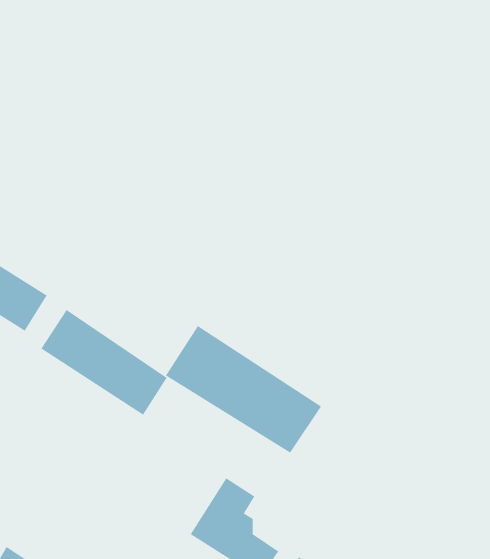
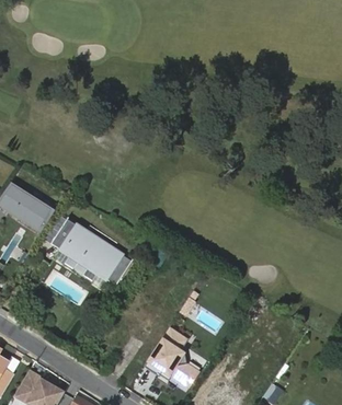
building: [165,325,322,454] -> none

